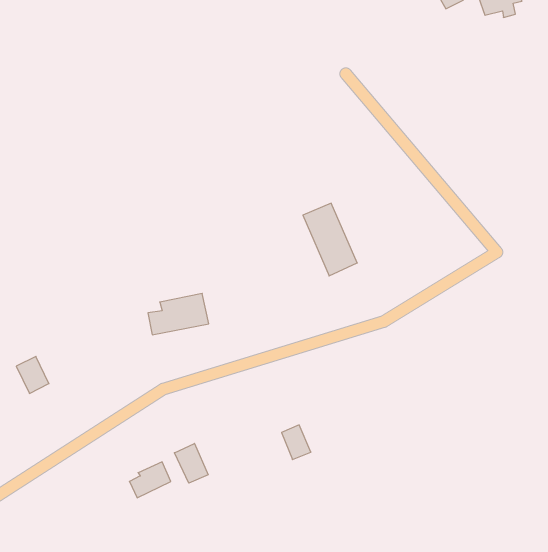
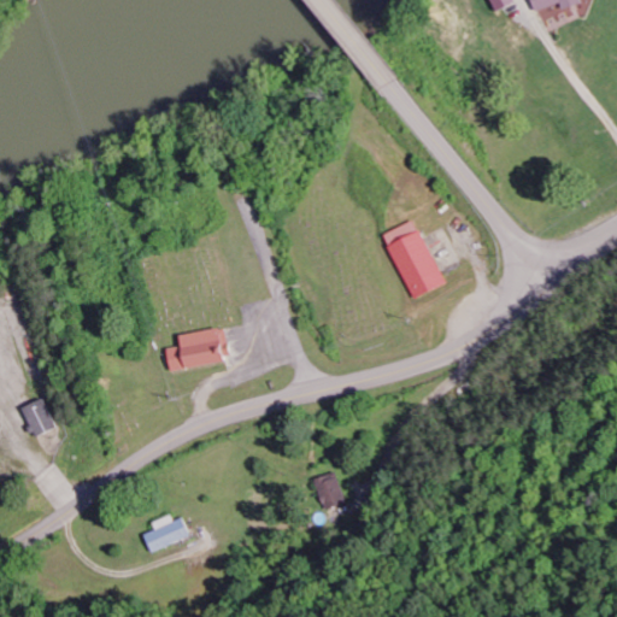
building: [303,203,357,276] -> [382,218,442,299]
building: [174,443,208,483] -> none

